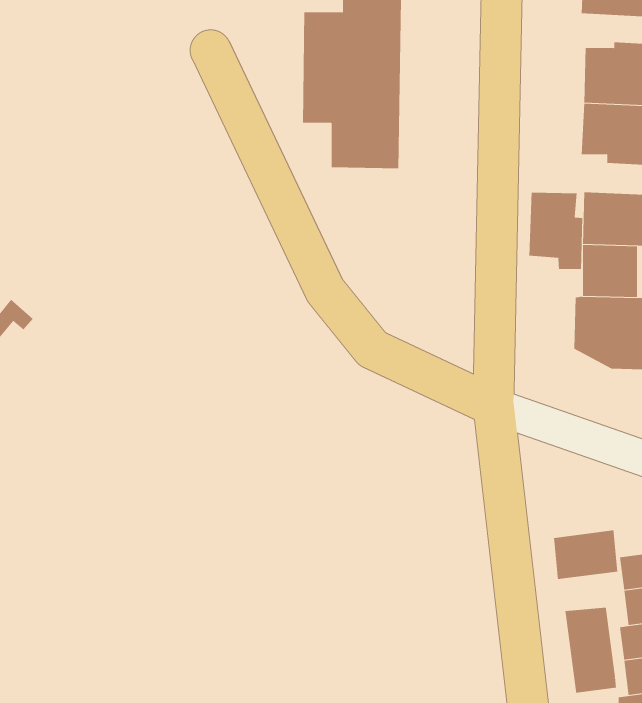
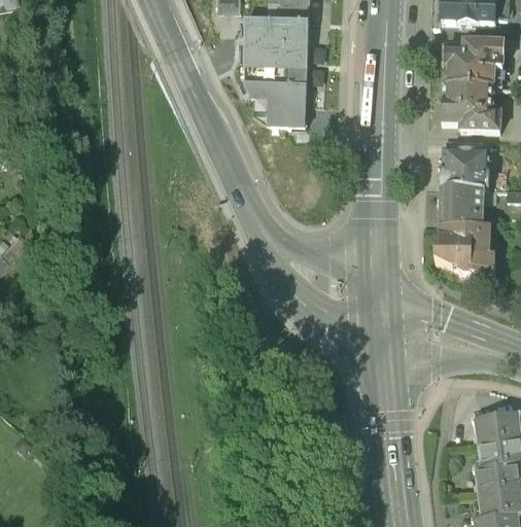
building: [529,192,583,270] -> none
building: [553,530,618,580] -> none
building: [565,607,617,693] -> none

